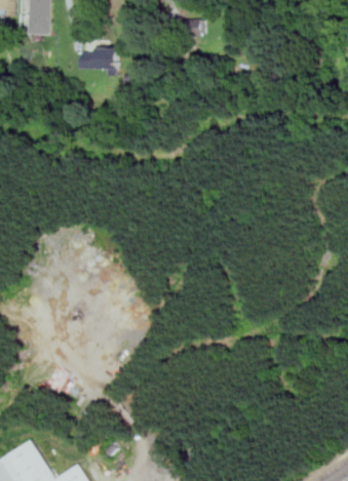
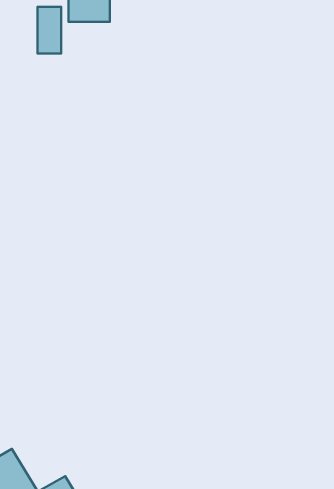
building: none -> [38,7,61,53]

